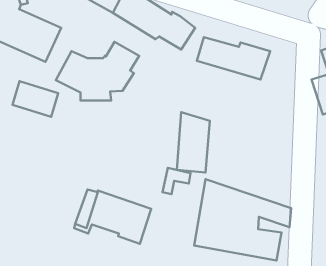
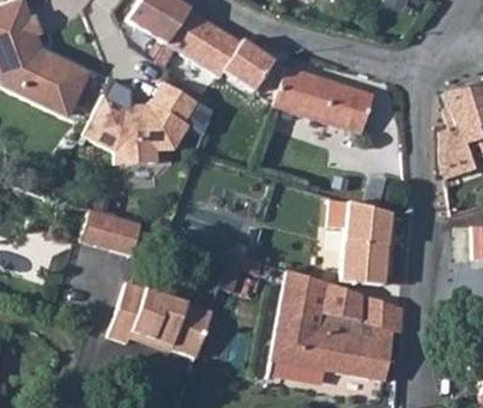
building: [13,81,58,117] -> [81,206,144,256]
building: [177,112,210,172] -> [343,202,388,284]

